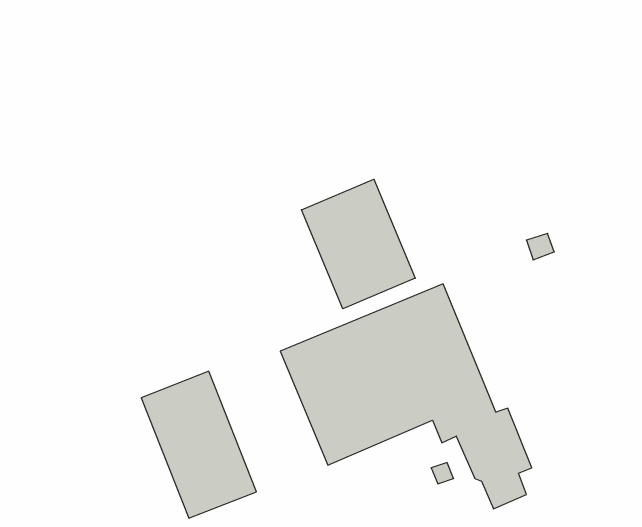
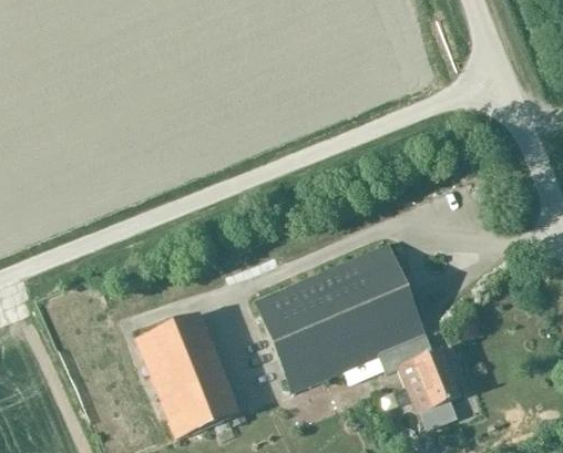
building: [301,179,415,309] -> none

